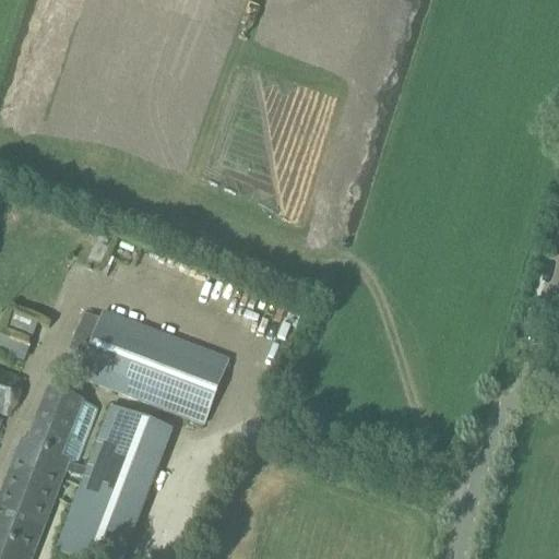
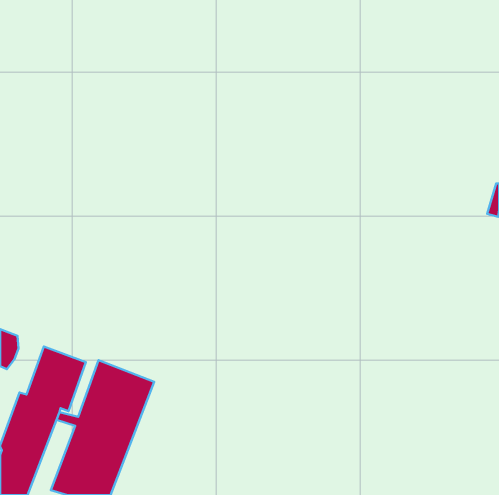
building: [64,309,227,420] -> none

